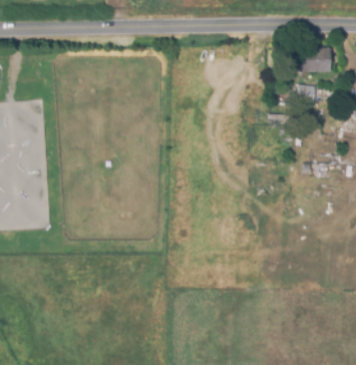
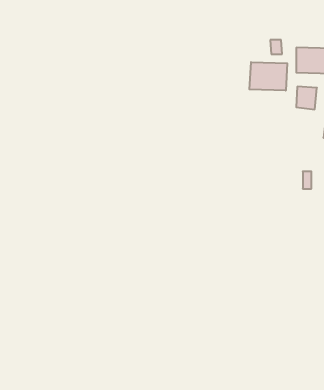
building: none -> [249,62,287,91]

